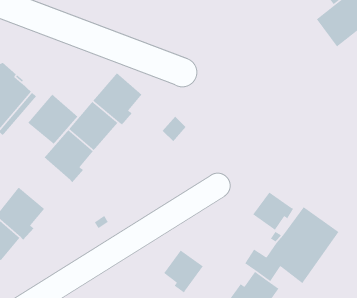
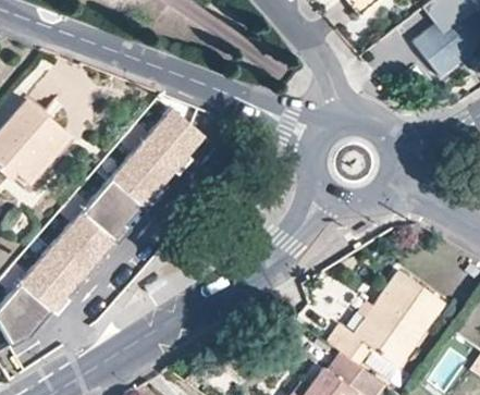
building: [27,94,79,145] -> [50,212,113,275]
building: [252,192,294,231] -> none
building: [163,249,204,294] -> none

